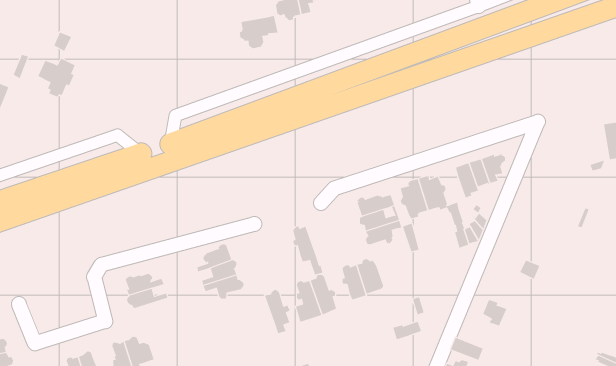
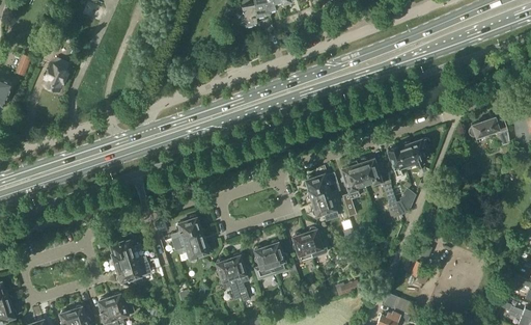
building: [239,15,278,49] -> none
building: none -> [468,116,509,145]
building: [292,226,323,275] -> [216,259,242,300]
building: none -> [116,261,150,281]

